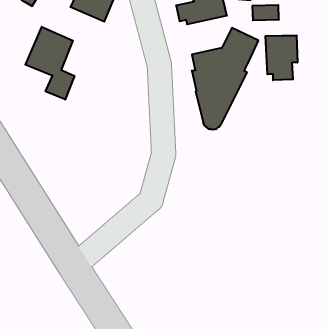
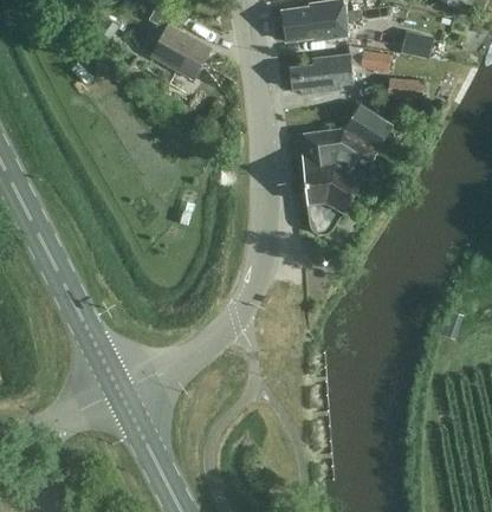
building: [25,27,74,100] -> none
building: [266,35,297,80] -> none

